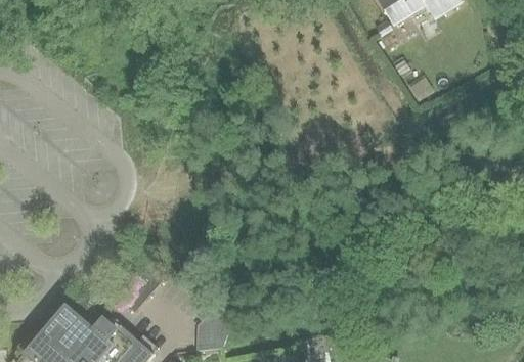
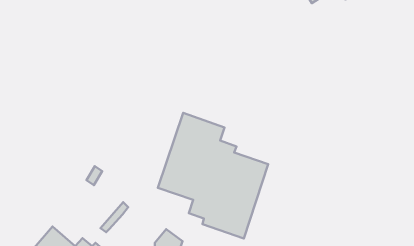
building: none -> [158,113,268,239]

